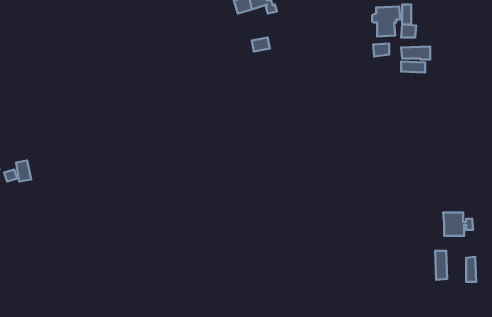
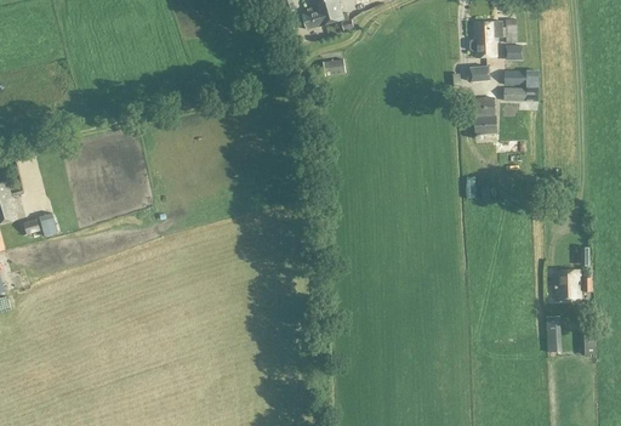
building: none -> [473,91,496,134]

